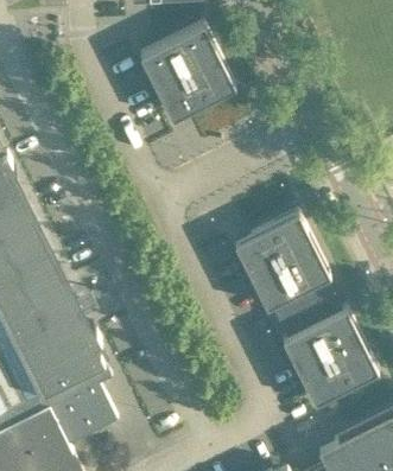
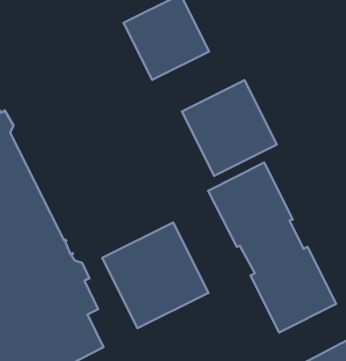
building: none -> [182,80,277,176]
building: none -> [102,223,208,328]

